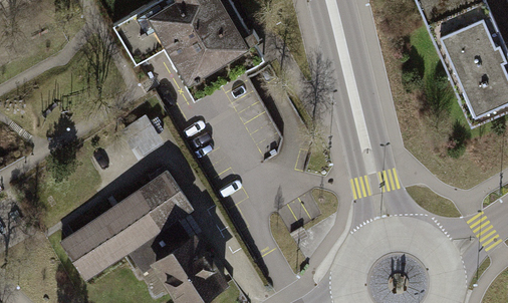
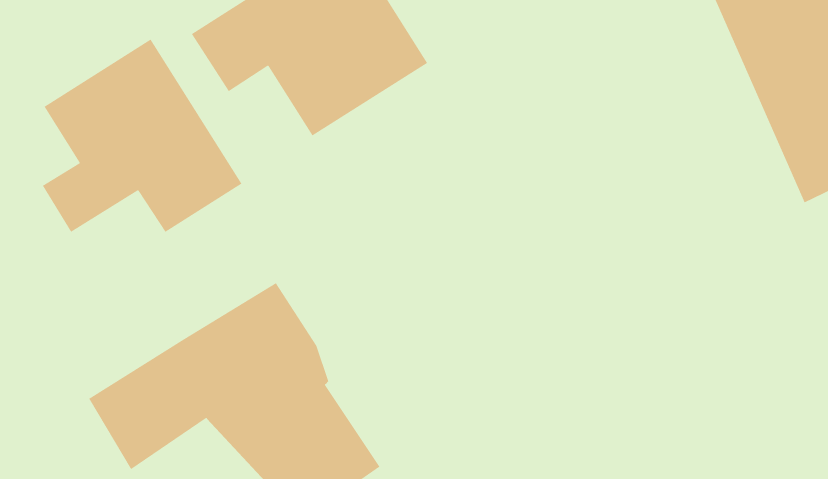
building: none -> [42,39,243,233]

